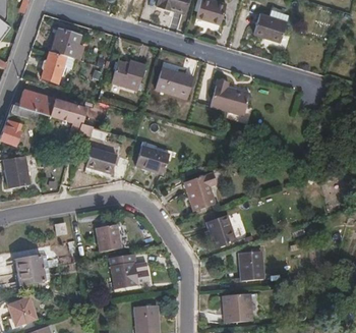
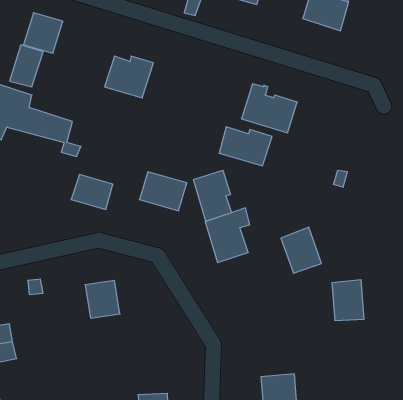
building: [157,70,195,99] -> [219,127,272,166]
building: none -> [193,170,232,221]
building: [205,214,235,247] -> [281,227,321,273]
building: [239,251,262,280] -> [332,280,364,320]
building: [109,255,136,290] -> none

